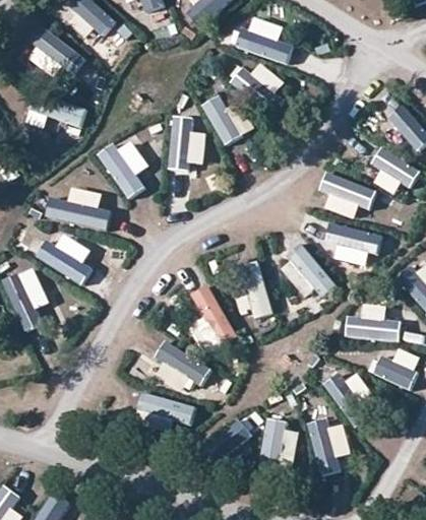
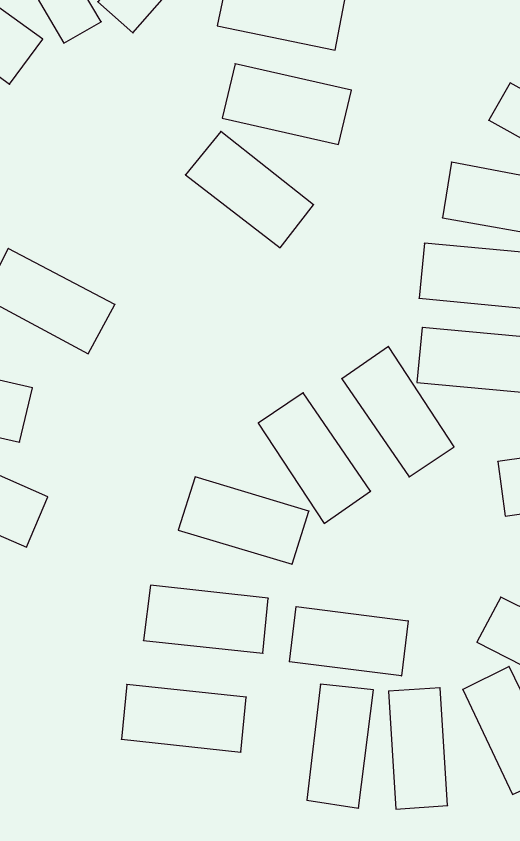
building: [168,109,204,178] -> none
building: none -> [289,607,408,676]

